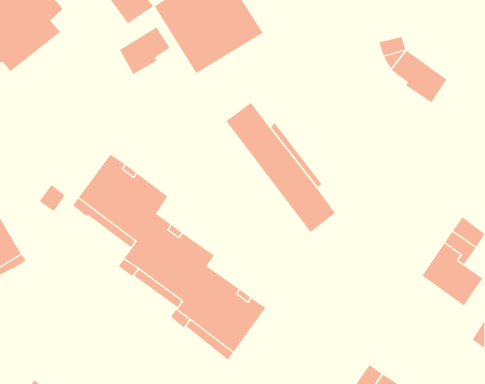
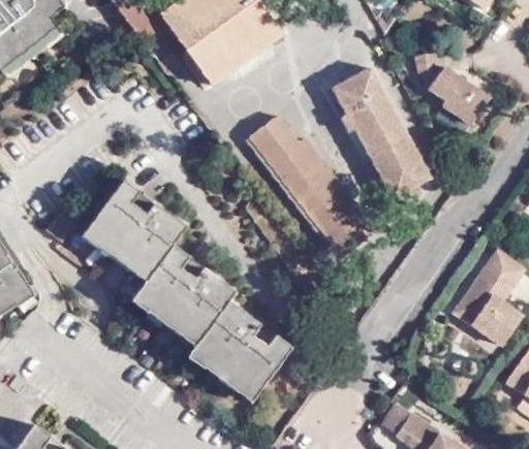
building: [119,26,170,75] -> none
building: none -> [328,72,426,201]

